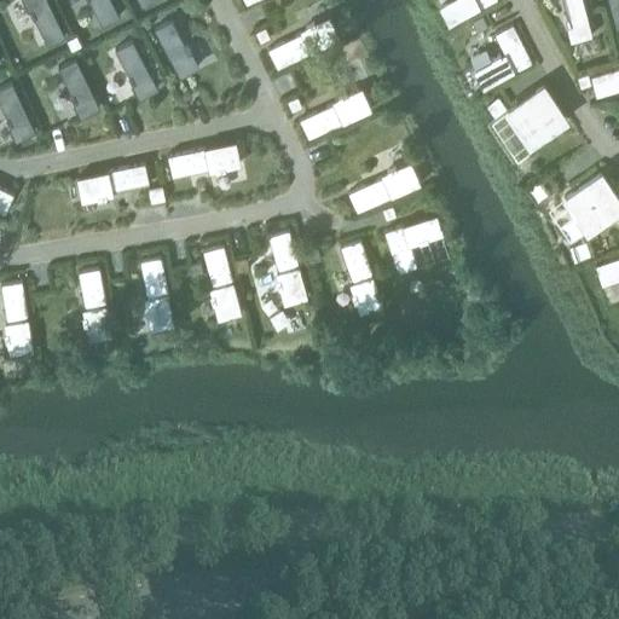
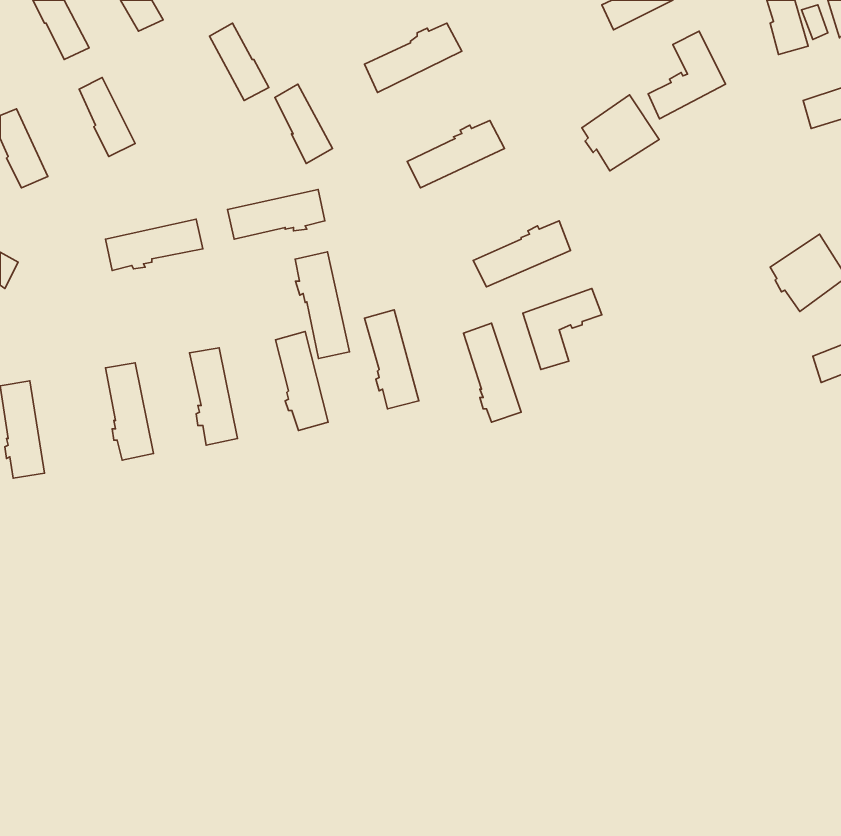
building: [116,42,158,100] -> [275,84,333,163]
building: [509,89,566,145] -> [582,95,659,171]
building: none -> [295,252,349,358]

